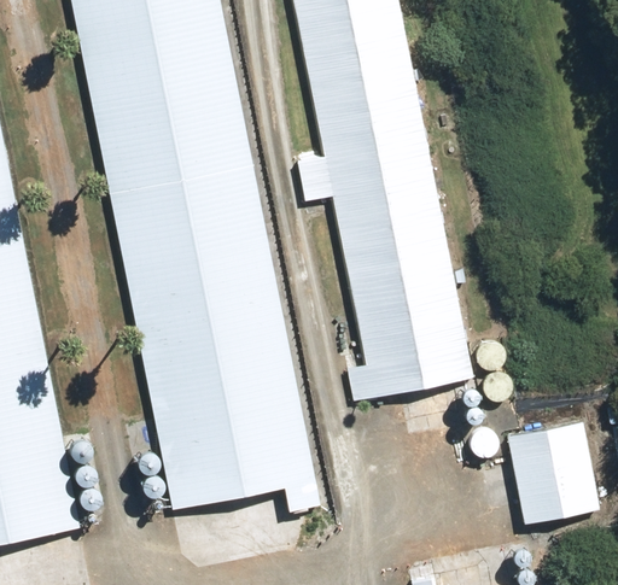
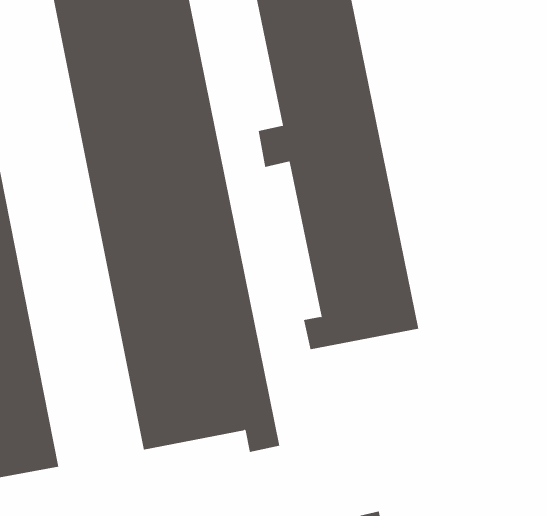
building: [507,422,600,525] -> none

